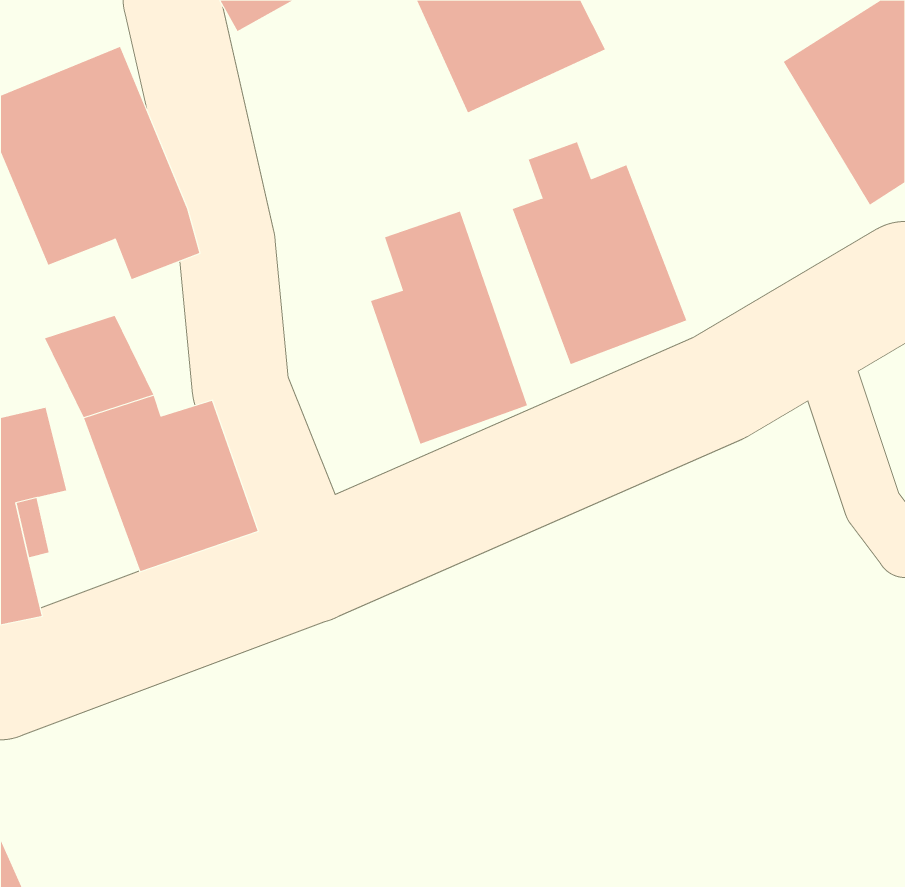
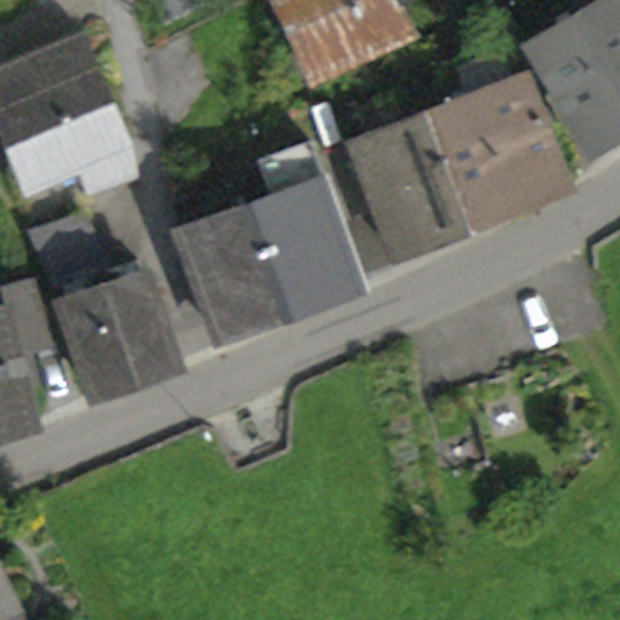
building: none -> [429,59,566,231]
building: none -> [174,185,287,341]

